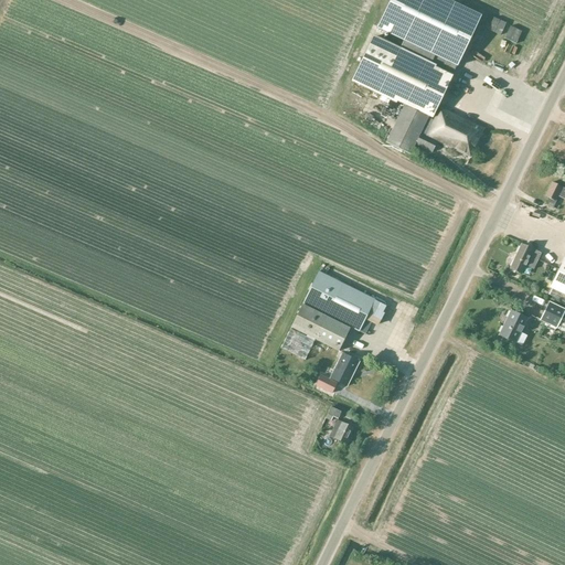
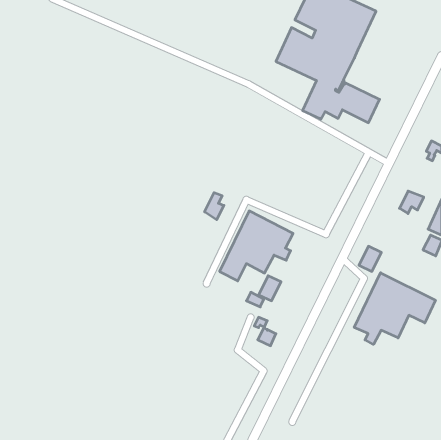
building: none -> [205,193,224,220]
building: [500,309,529,341] -> [359,246,381,271]
building: none -> [354,273,435,344]

